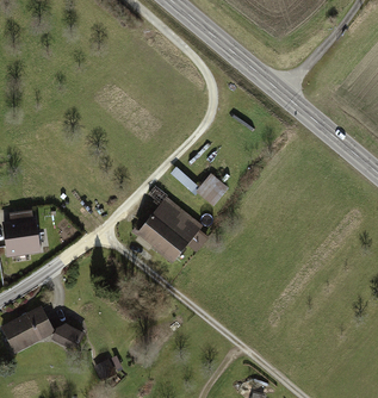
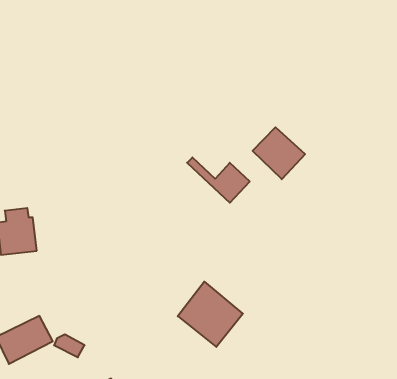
building: none -> [253,127,305,179]
building: [138,201,197,260] -> [178,282,243,347]

